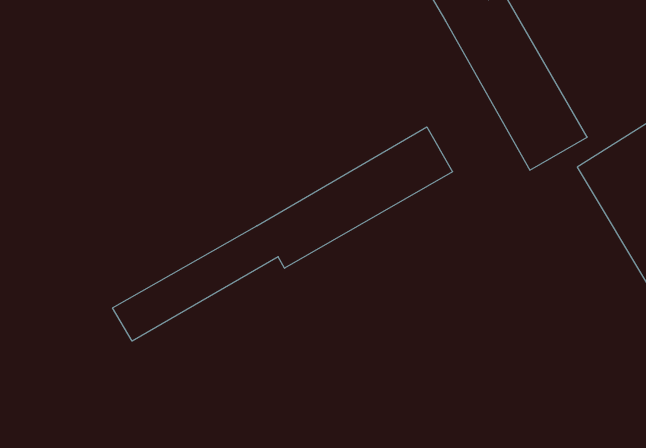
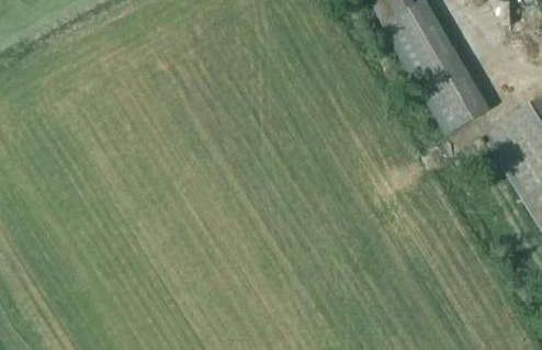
building: [113,127,453,341] -> none

